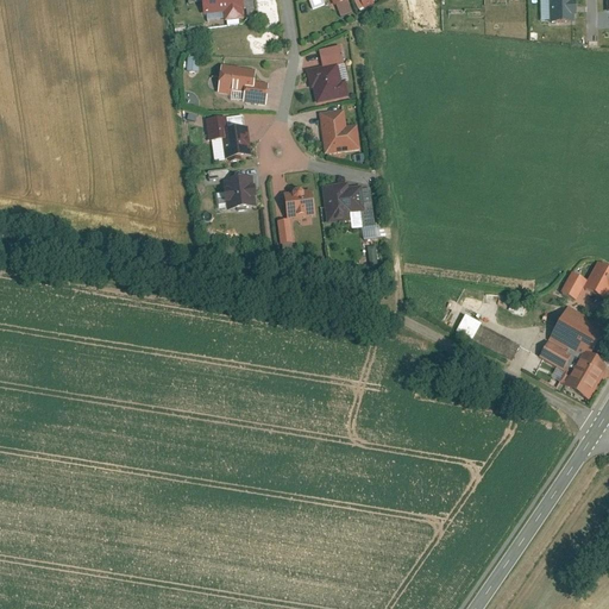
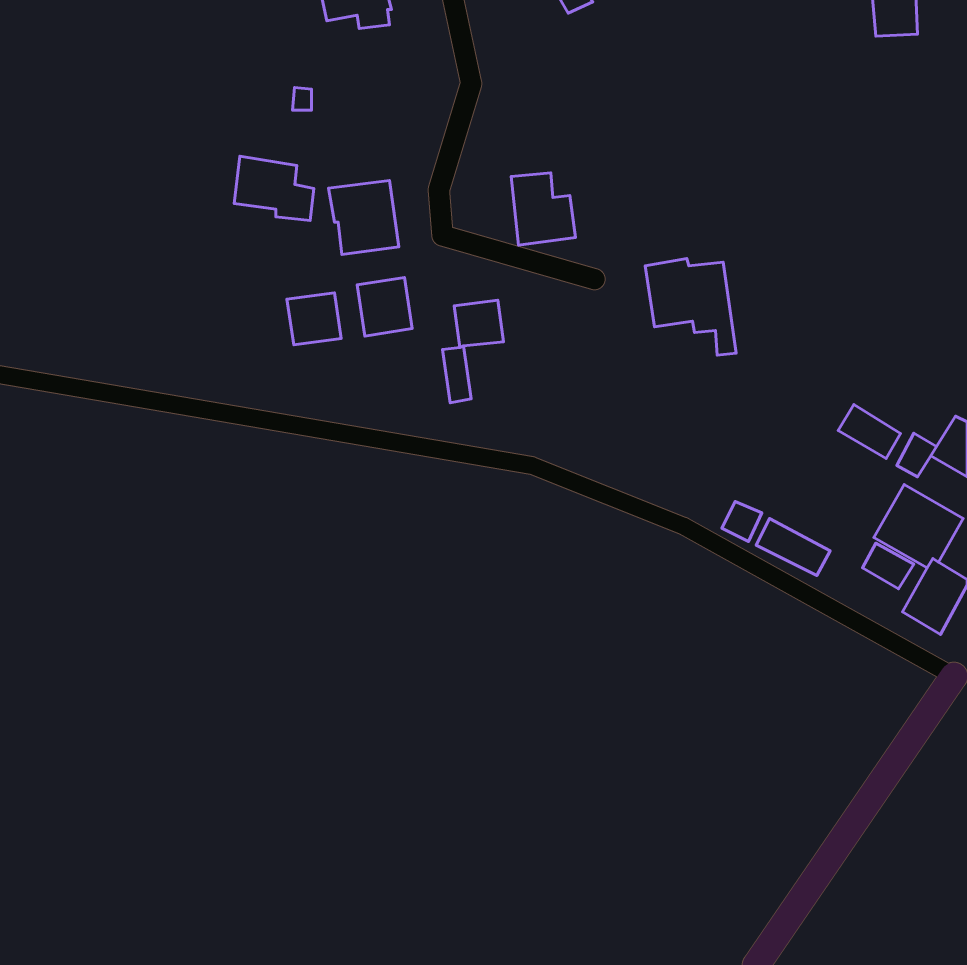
building: [307,43,349,102] -> none
building: [218,62,268,102] -> [234,156,314,221]
building: [321,180,378,240] -> [645,258,736,355]
building: none -> [287,293,341,345]
building: none -> [838,405,900,458]

